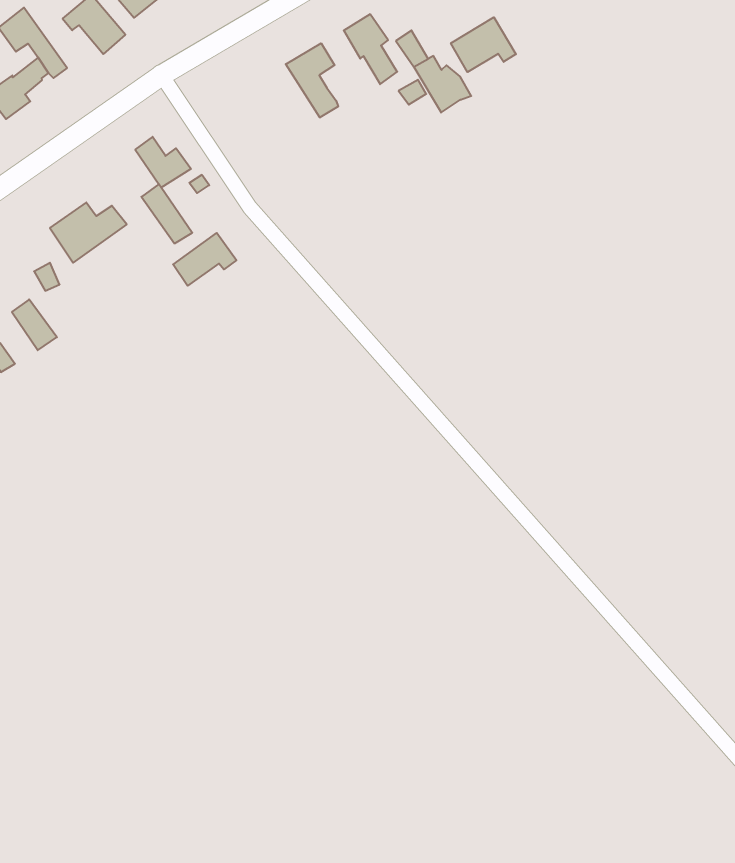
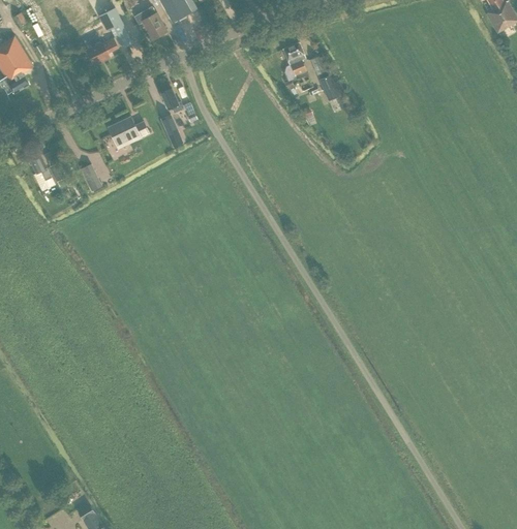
building: [451,17,516,72] -> none
building: [286,43,338,118] -> none
building: [173,233,236,286] -> none

